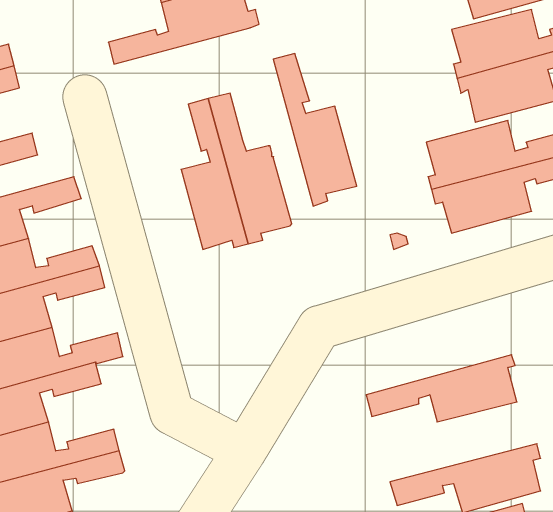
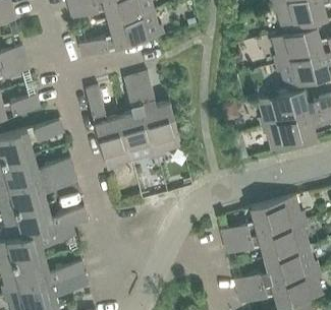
building: [273,54,357,206] -> [85,86,131,172]
building: none -> [220,196,305,242]
building: none -> [233,246,319,291]

